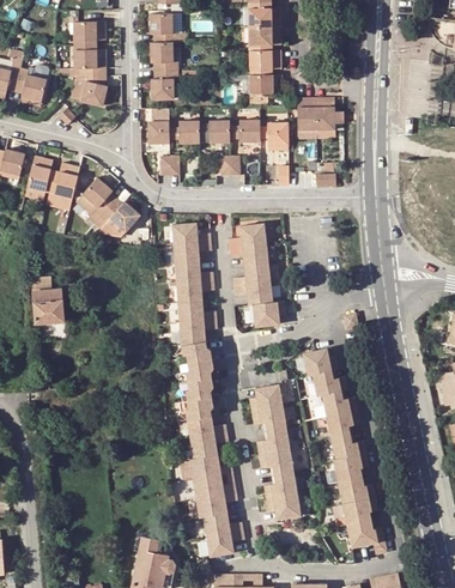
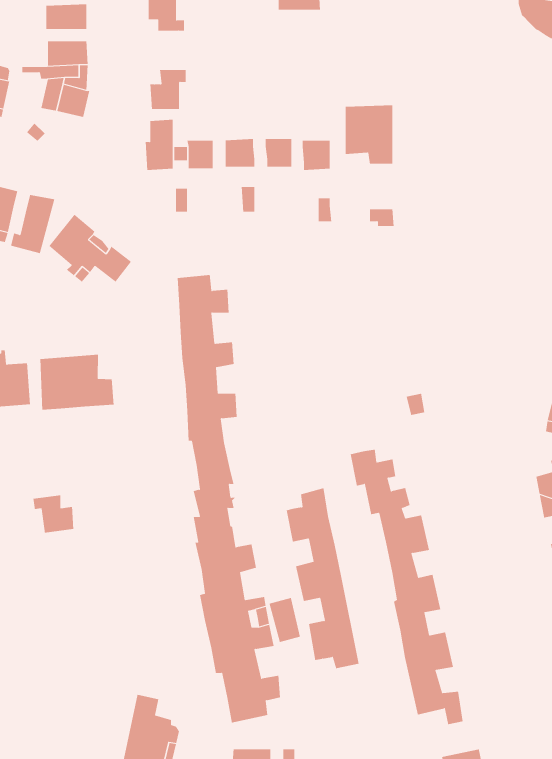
building: [247,25,279,43] -> none
building: [150,41,178,69] -> none
building: [248,48,279,68] -> none
building: [248,73,280,93] -> none
building: [228,223,285,328] -> none
building: none -> [40,354,114,411]
building: none -> [33,494,74,533]
building: none -> [269,597,300,643]

